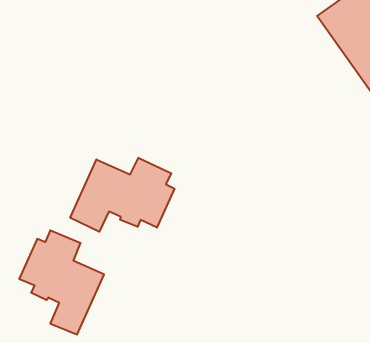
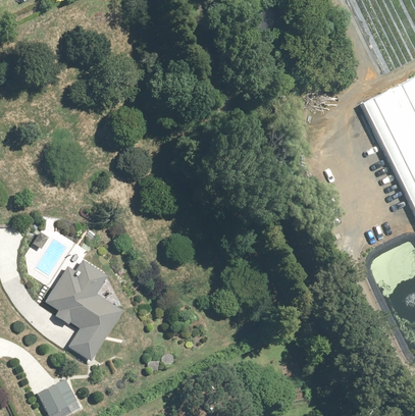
building: [70,158,174,232] -> none

